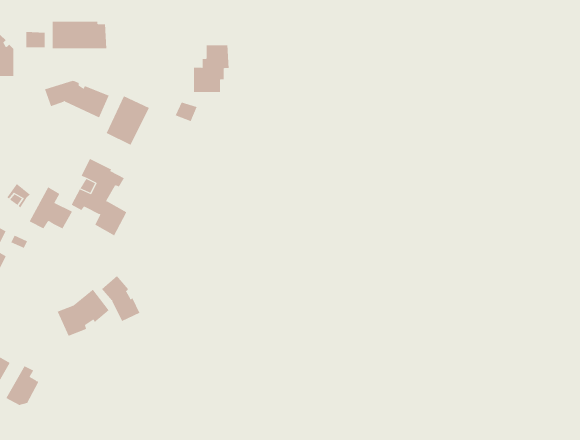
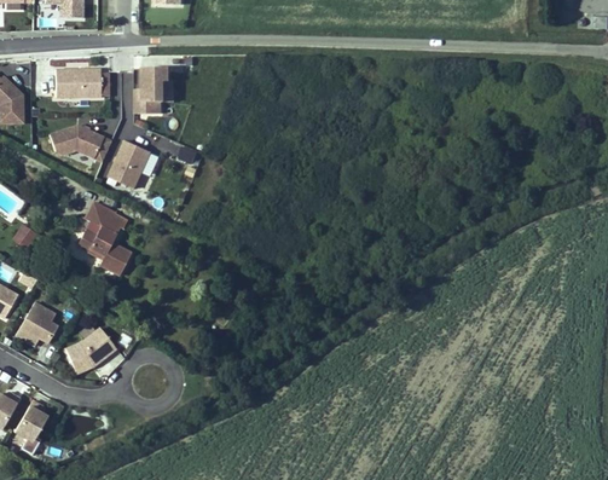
building: [193,45,230,92] -> [135,68,170,114]
building: [29,186,73,229] -> [13,301,56,342]
building: [101,275,140,322] -> none

